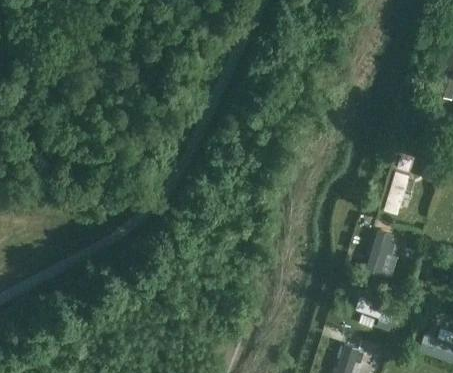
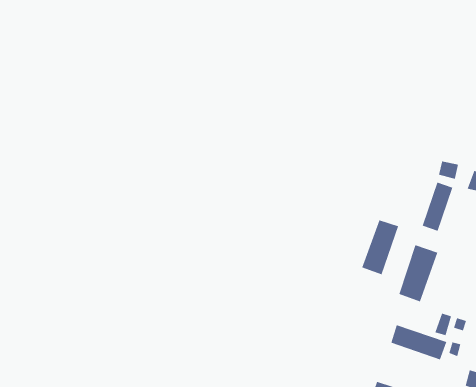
building: none -> [361,219,399,275]

